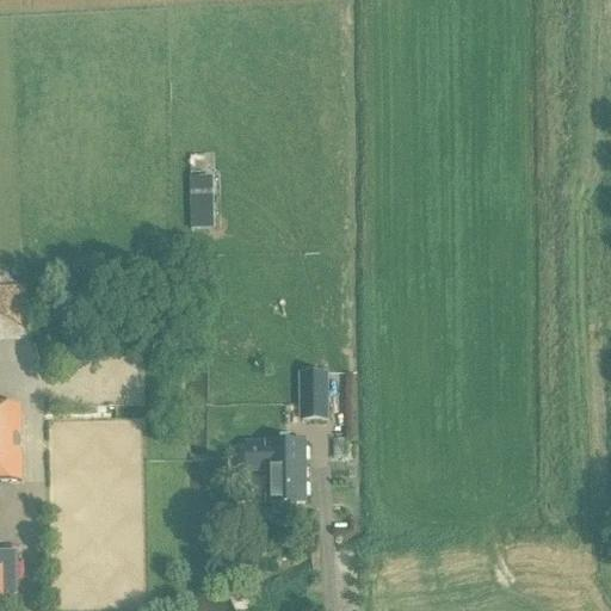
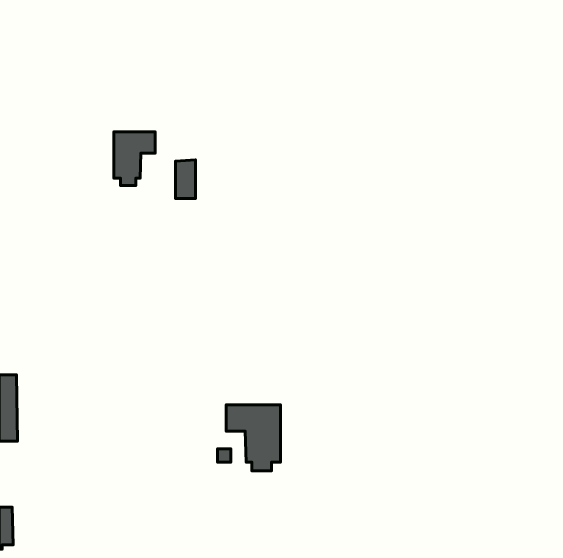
building: none -> [114,132,155,185]
building: [302,369,327,416] -> none

